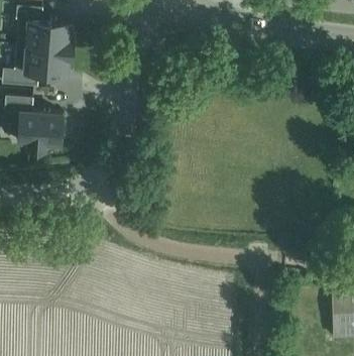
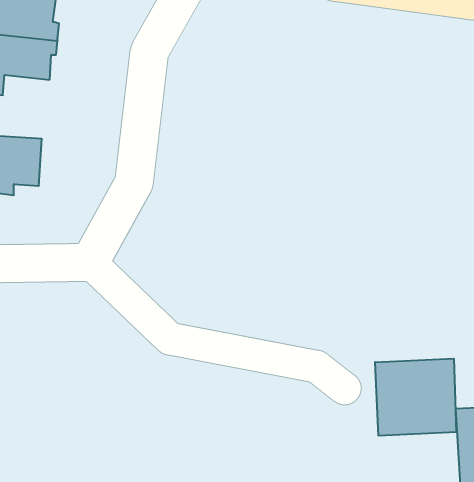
building: none -> [375,359,456,436]

